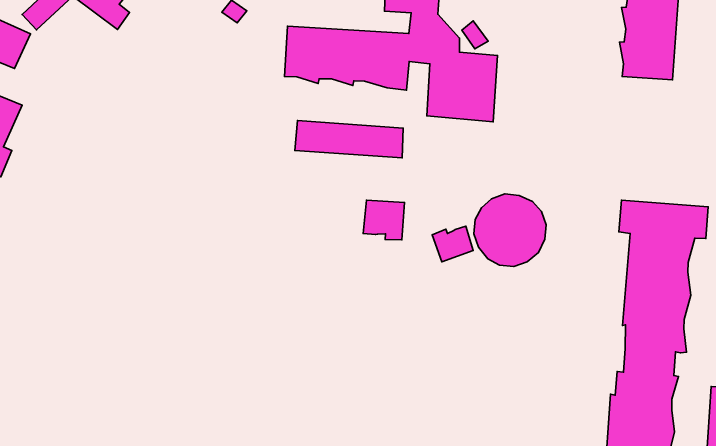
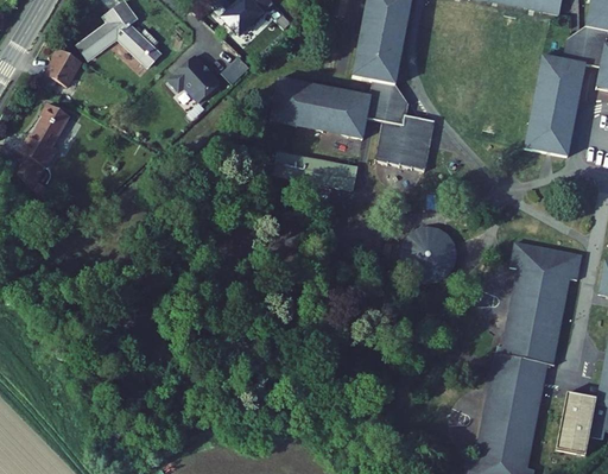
building: none -> [170,55,221,101]
building: [363,200,405,240] -> none
building: [432,226,473,262] -> none

